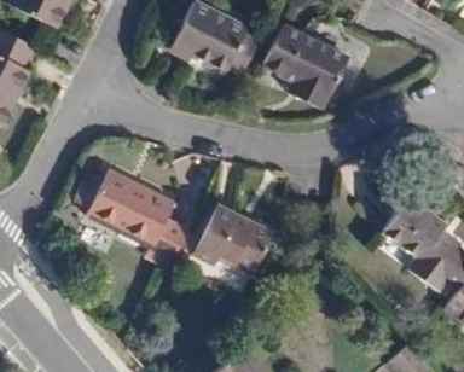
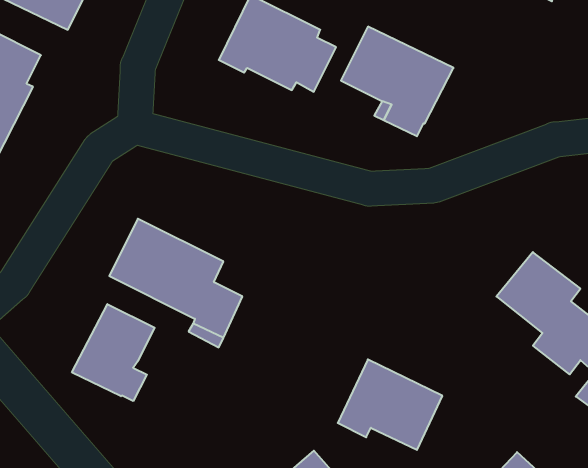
building: [193,204,273,273] -> [338,359,442,450]
building: none -> [72,304,155,401]

